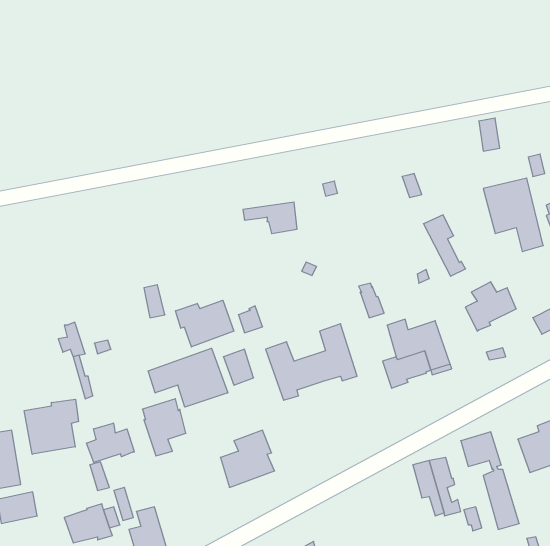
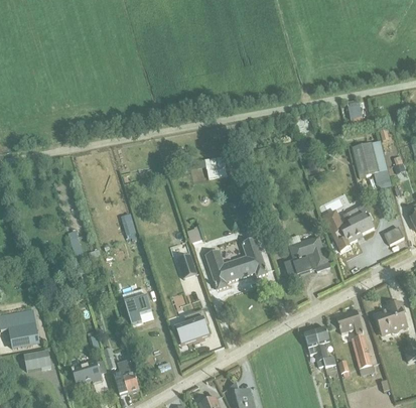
building: [423,215,466,276] -> [322,210,351,251]
building: [176,300,234,347] -> none
building: [148,348,228,407] -> none
building: [24,399,79,454] -> none
building: [86,423,134,462] -> none

